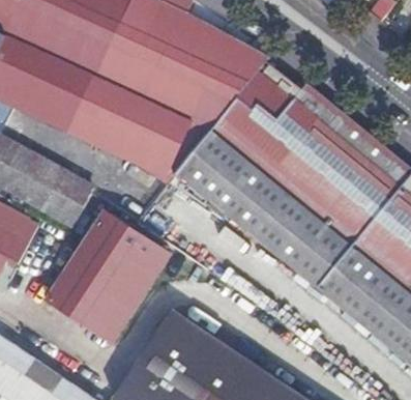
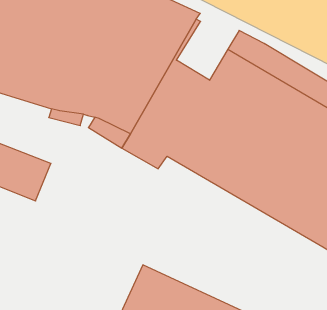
building: [237,67,297,130] -> none
building: [49,211,168,338] -> none

